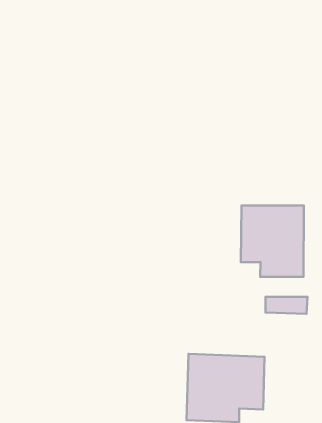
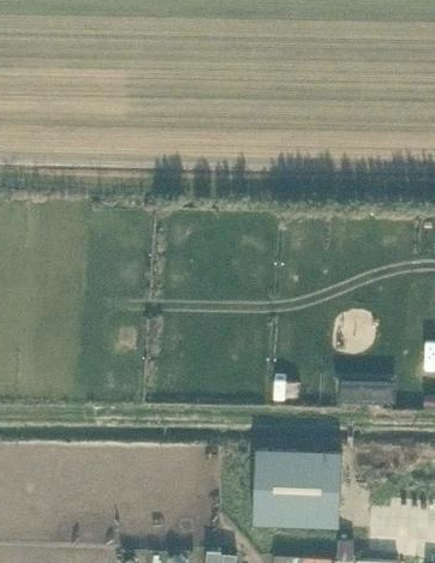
building: [241,205,304,277] -> none

